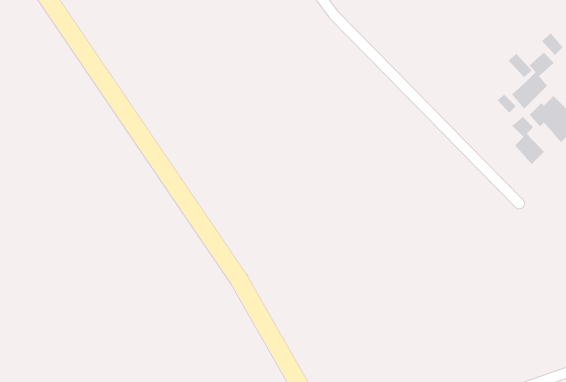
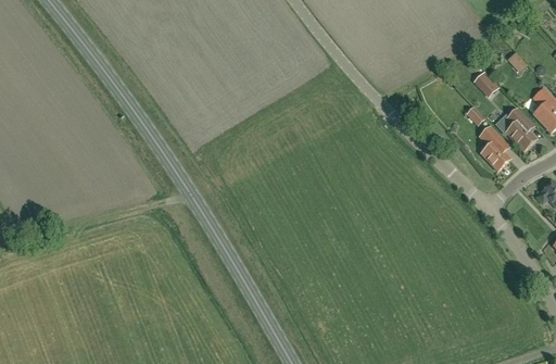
building: [511,52,555,110] -> none

